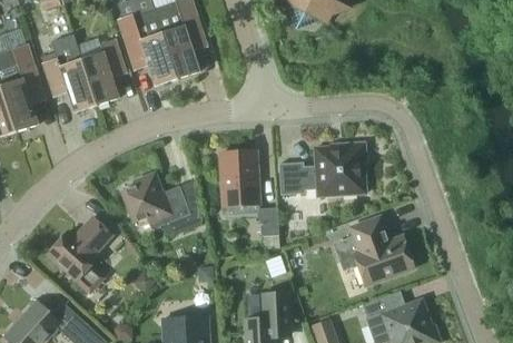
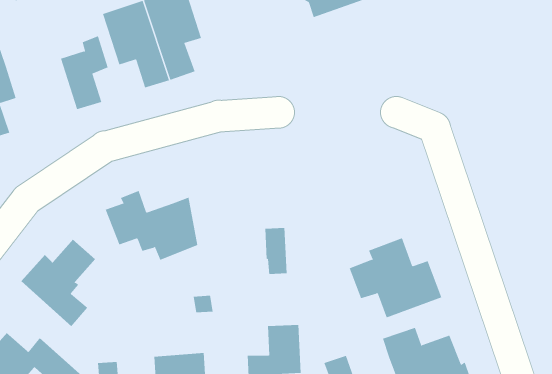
building: [42,35,96,111] -> none
building: [278,141,366,195] -> none
building: [219,150,259,205] -> none

